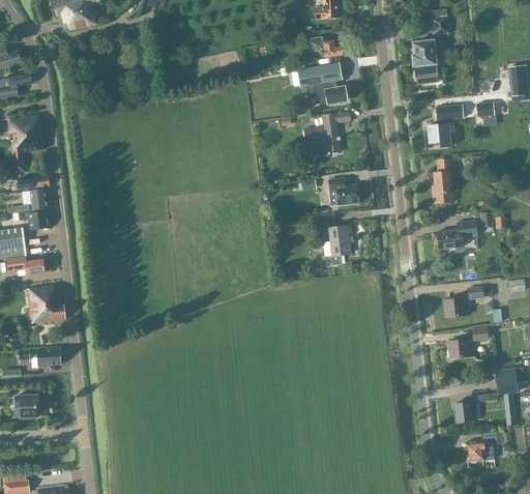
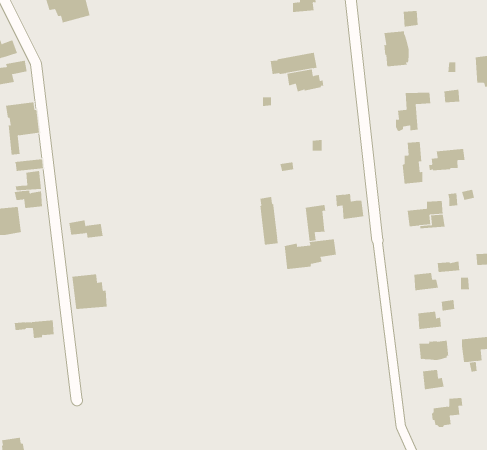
building: [311,35,342,58] -> none
building: [303,112,350,153] -> none
building: none -> [429,148,465,171]
building: [328,177,359,205] -> [335,193,364,220]
building: none -> [260,196,278,245]
building: [7,255,45,274] -> [69,220,103,238]
building: none -> [284,238,337,270]
building: [27,285,65,323] -> [71,274,107,310]
building: none -> [419,340,449,361]
building: [16,393,38,419] -> none

